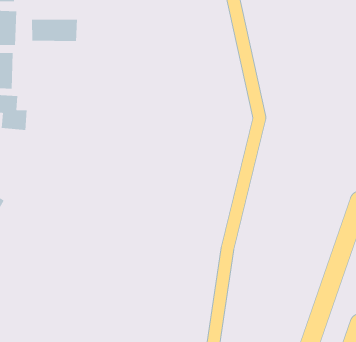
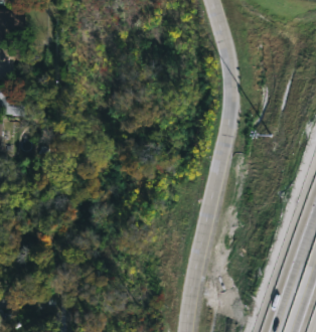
building: [31,19,78,42] -> none

